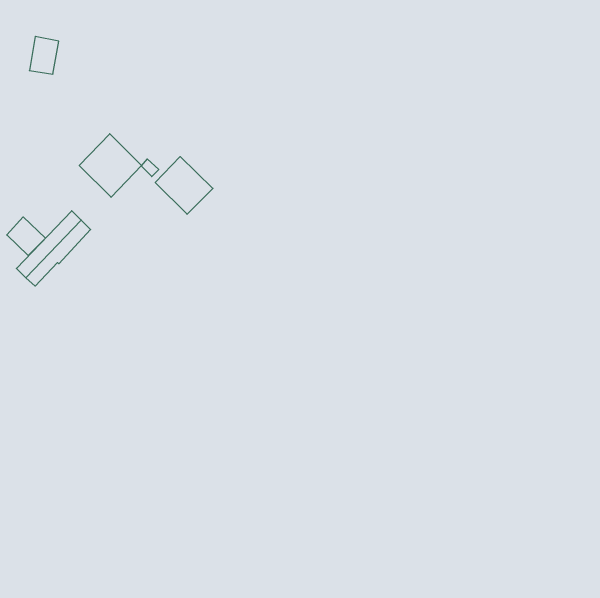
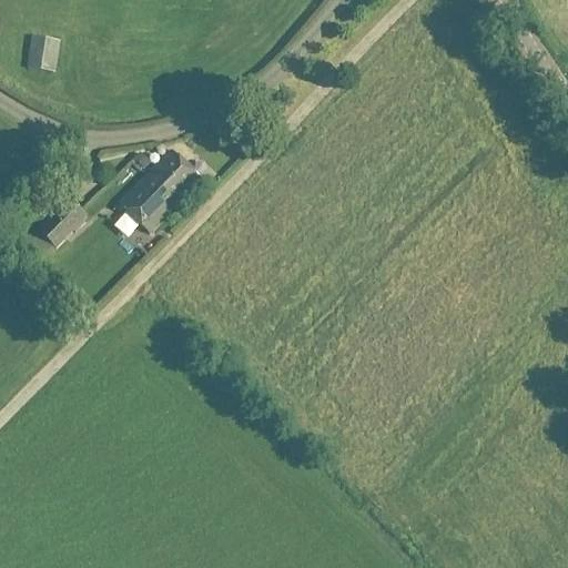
building: [79,134,142,197] -> [118,172,176,232]
building: [7,217,45,255] -> none

